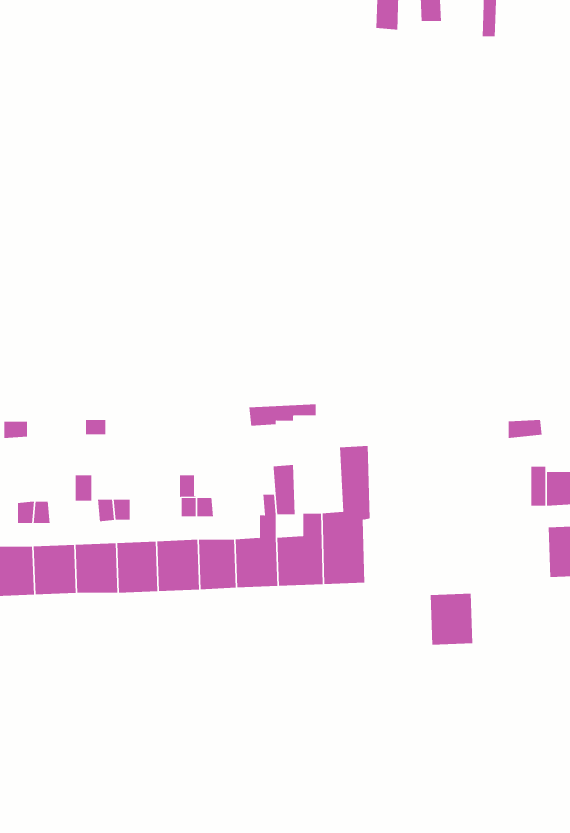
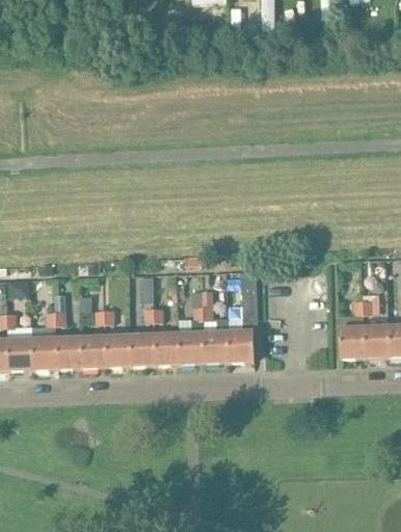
building: [430,593,473,645] -> [339,326,365,357]

